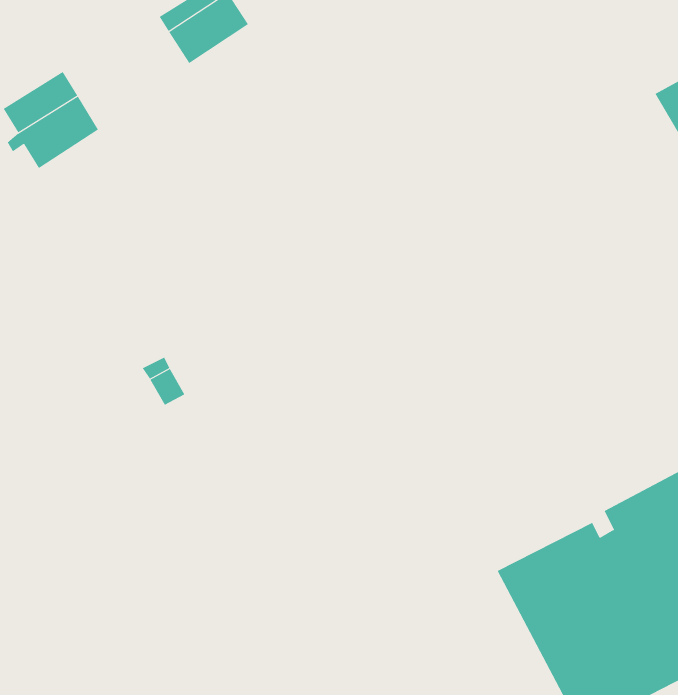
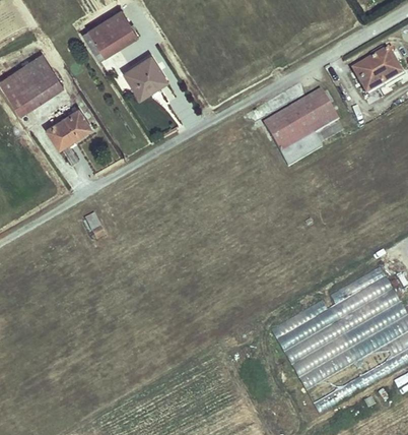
building: none -> [125,52,167,91]
building: none -> [263,87,337,156]
building: none -> [47,109,88,146]

